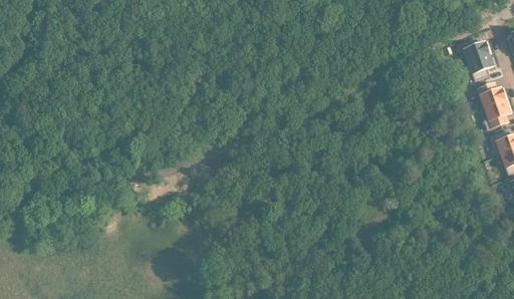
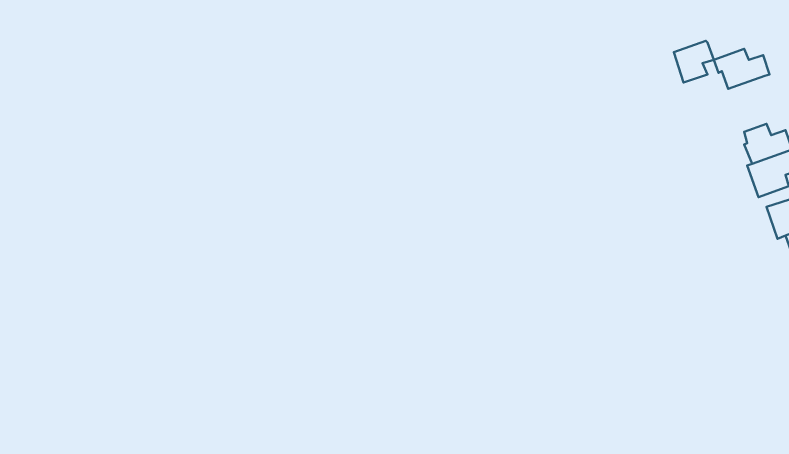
building: [468,52,493,78] -> [674,41,714,82]

